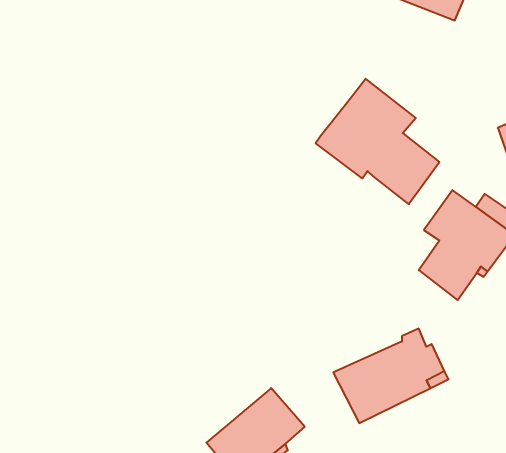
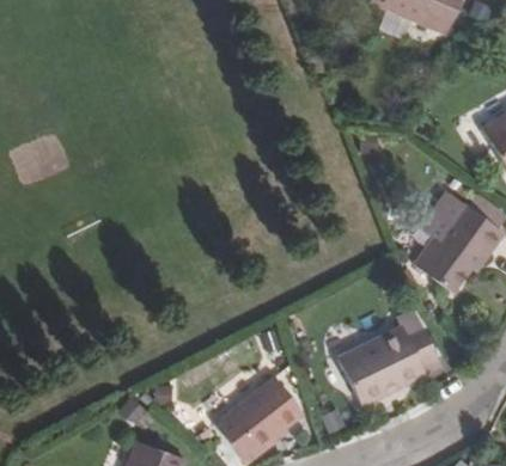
building: [316,79,439,204] -> none

